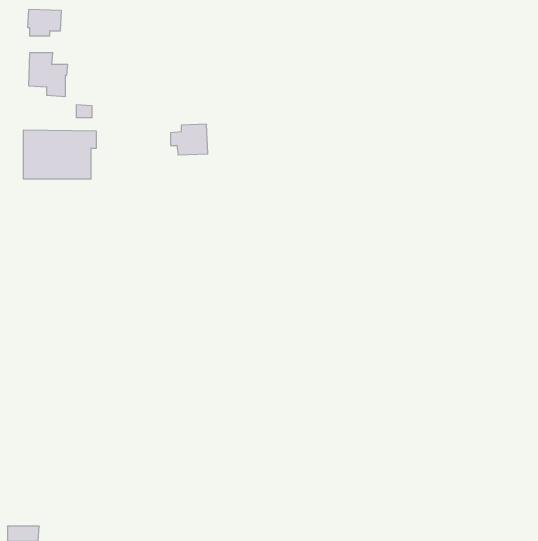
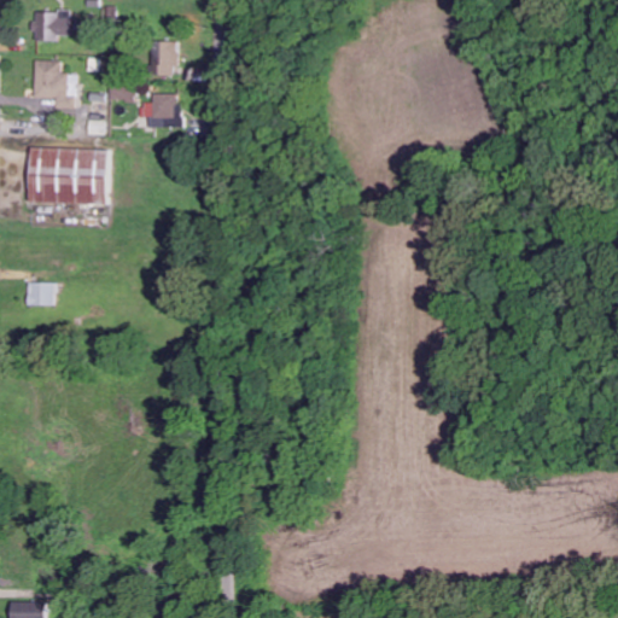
building: none -> [150,41,176,76]
building: [171,124,208,155] -> [140,93,182,128]
building: none -> [25,282,56,307]

